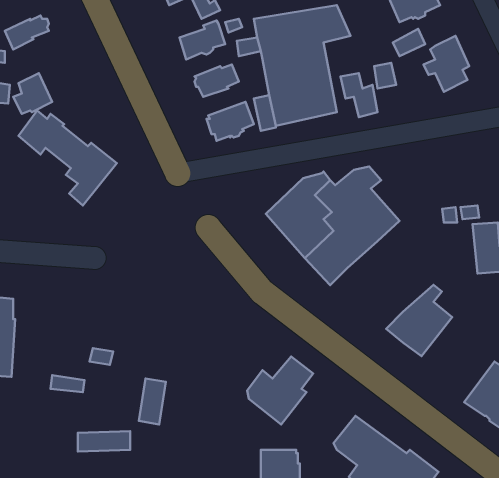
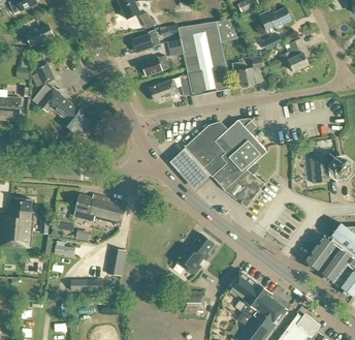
building: none -> [169,147,208,188]
building: [386,285,452,356] -> [224,163,264,207]
building: none -> [73,193,126,225]

